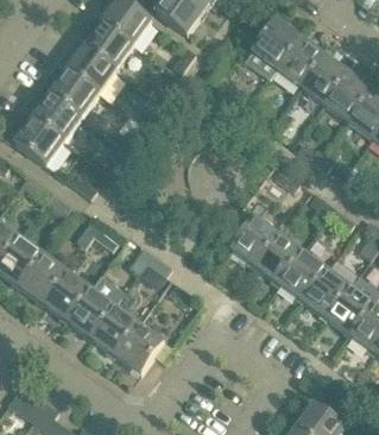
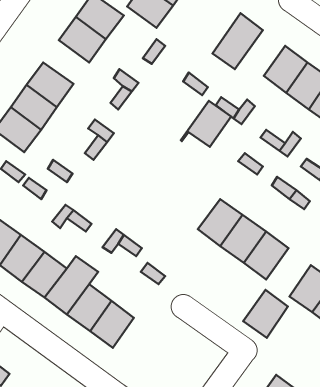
building: [269,34,322,83] -> [181,101,231,147]
building: [65,45,114,92] -> none
building: [302,266,349,317] -> [243,290,288,338]

